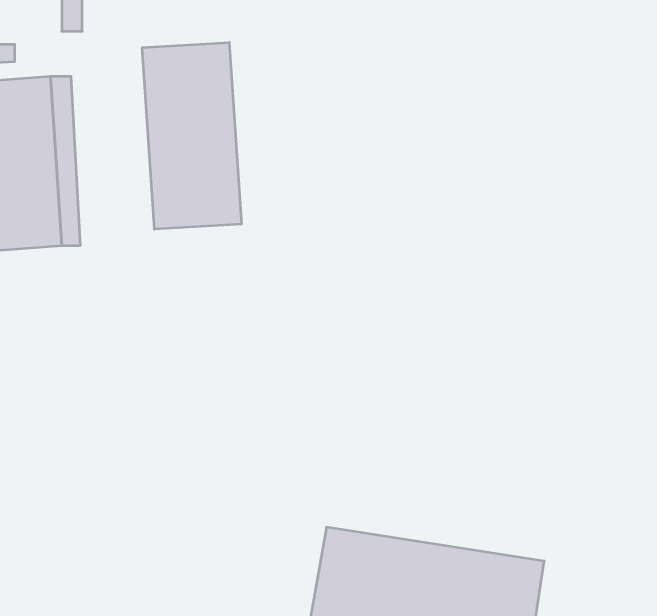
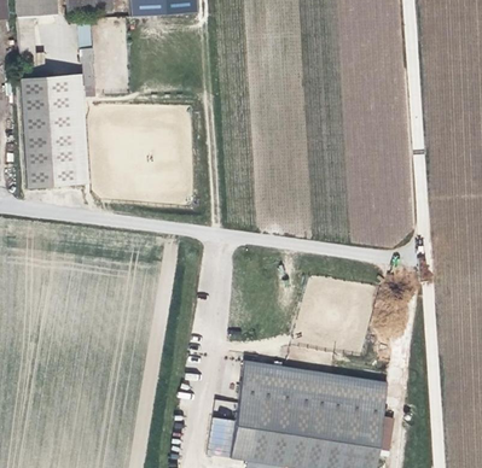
building: [142,42,241,229] -> none

